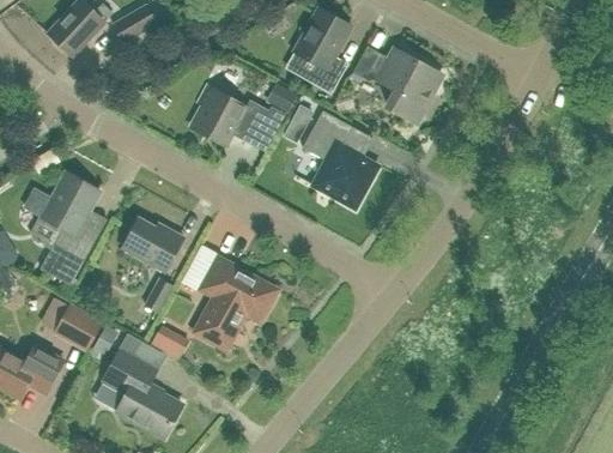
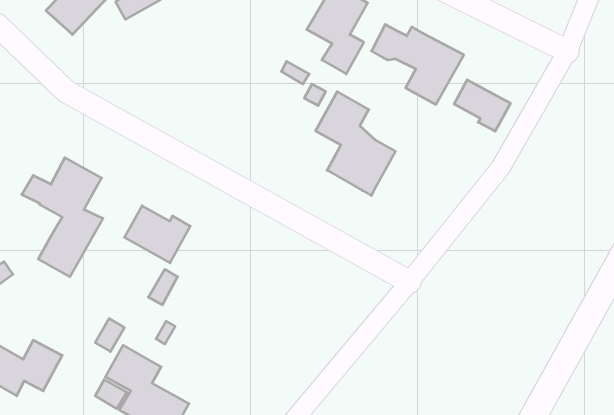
building: [192,85,267,145] -> none
building: none -> [454,80,510,131]
building: [193,255,275,349] -> none
building: [51,302,103,350] -> none

